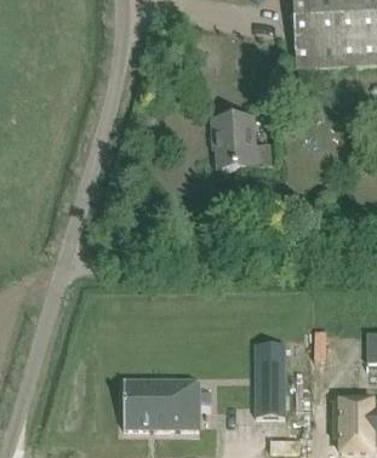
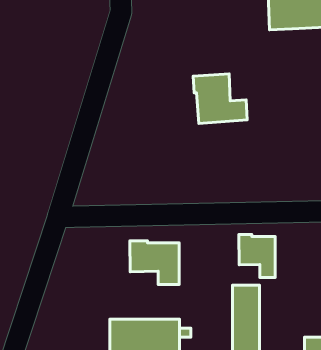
building: none -> [239,235,275,278]
building: none -> [130,241,179,285]

